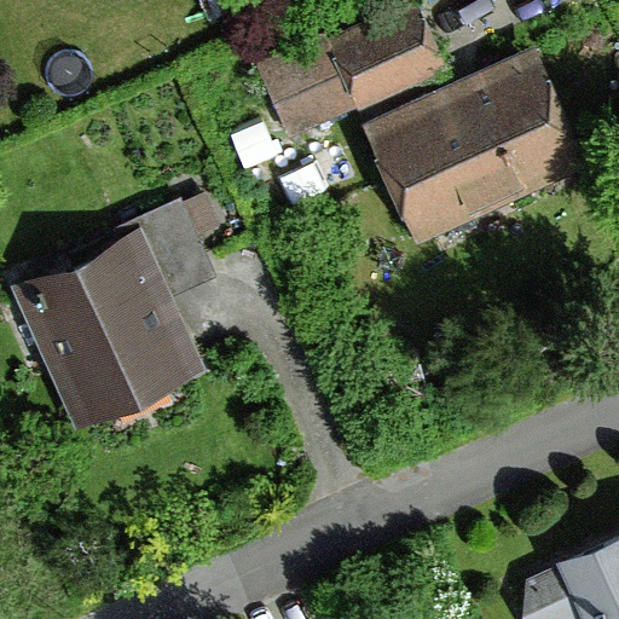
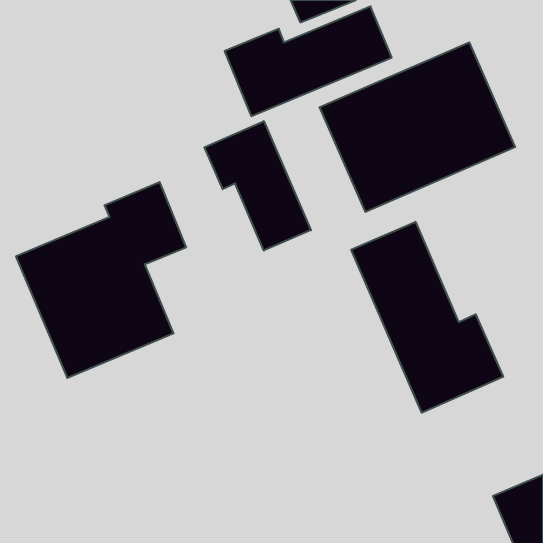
building: none -> [204,121,311,251]
building: none -> [351,222,503,413]

